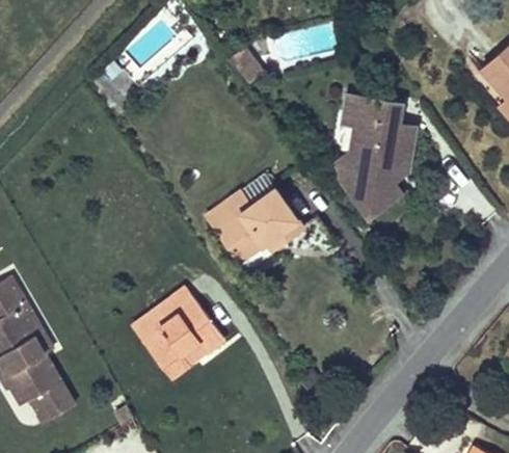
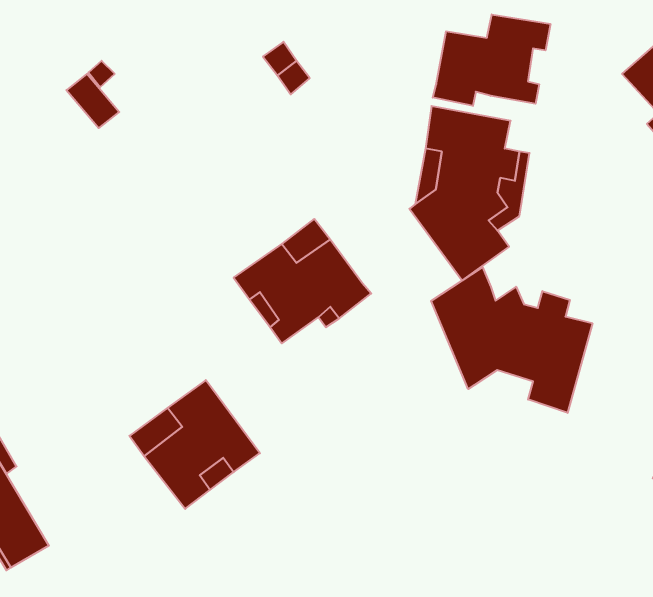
building: none -> [433,14,550,106]
building: none -> [431,267,592,413]

